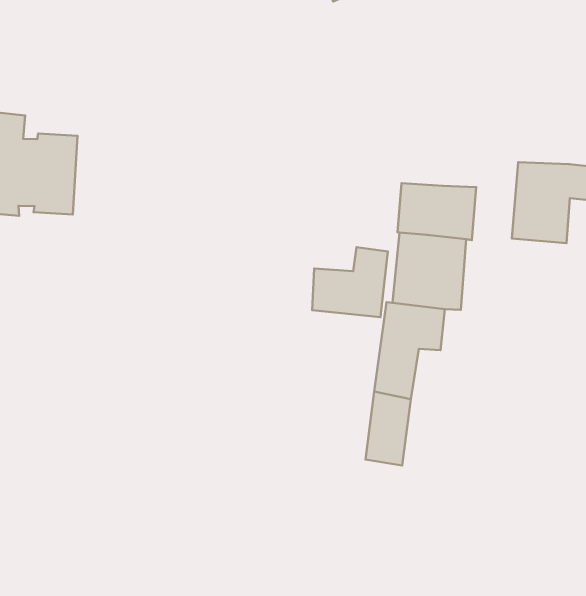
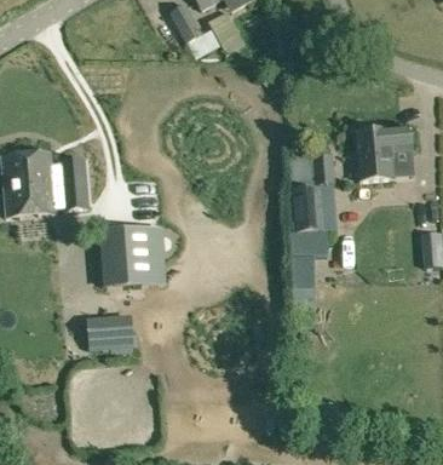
building: [312,247,388,317] -> none
building: none -> [99,226,165,287]
building: none -> [88,312,137,349]

